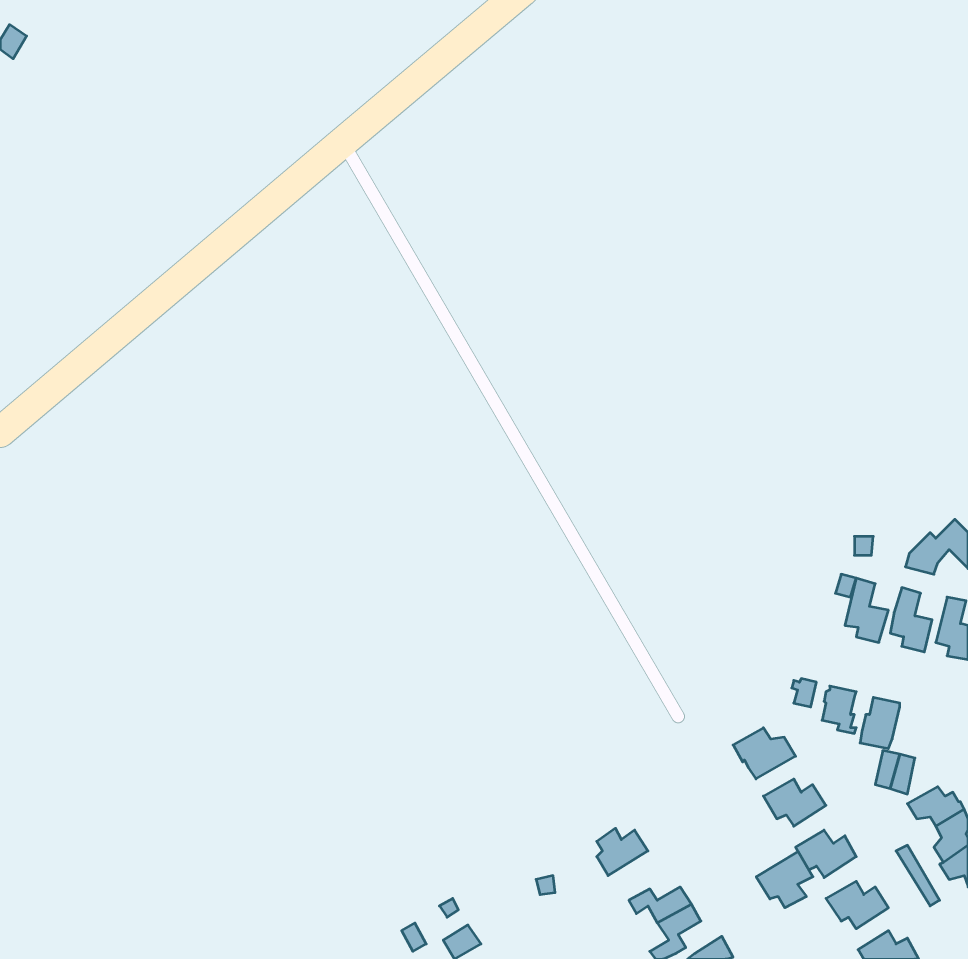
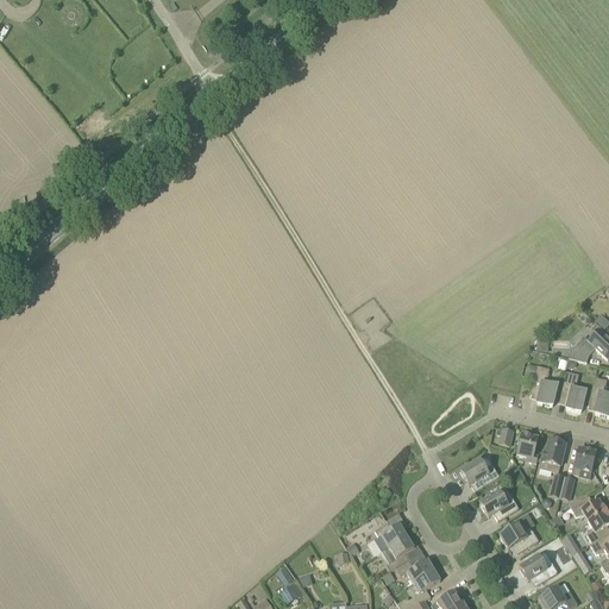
building: none -> [572,445,596,476]
building: none -> [382,534,413,569]
building: [756,852,813,908] -> none

